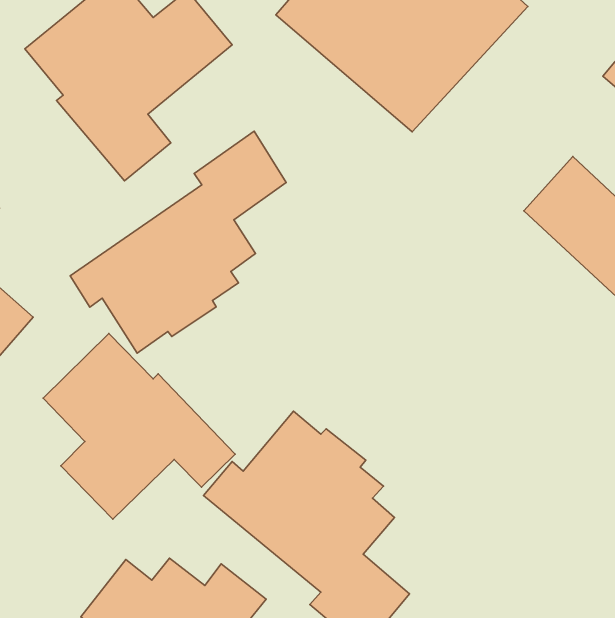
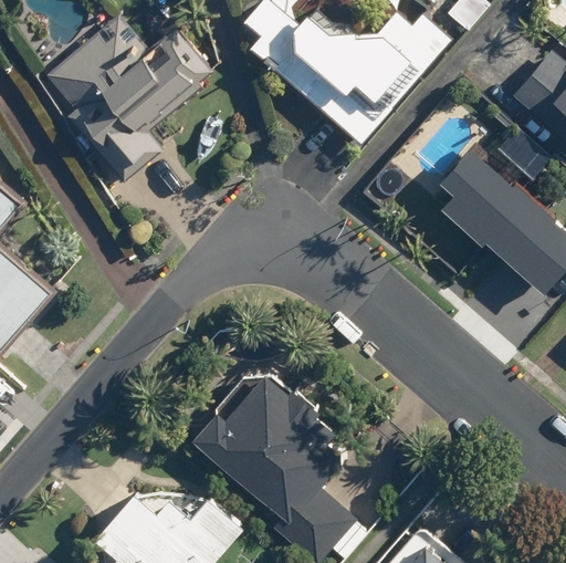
building: [70,131,286,353] -> none
building: [43,333,235,519] -> none

